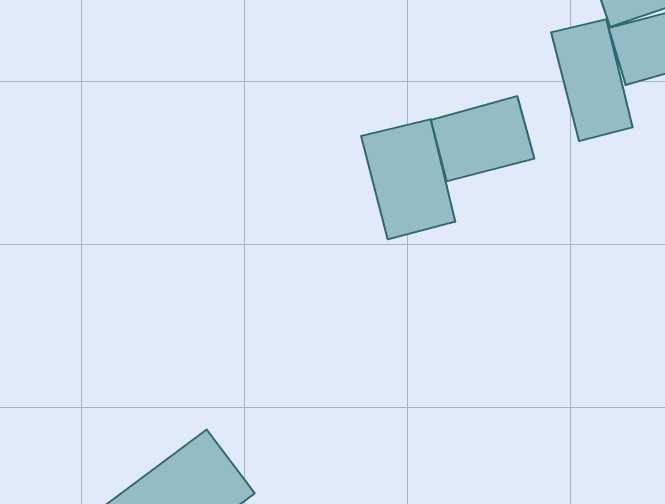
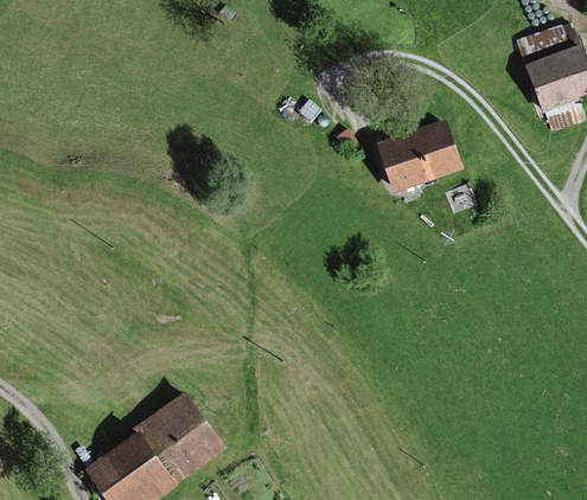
building: [551,19,633,141] -> none
building: [361,119,455,239] -> none

